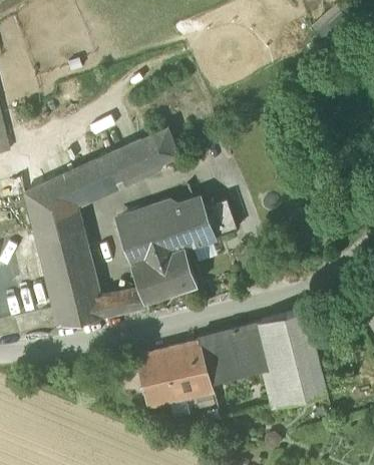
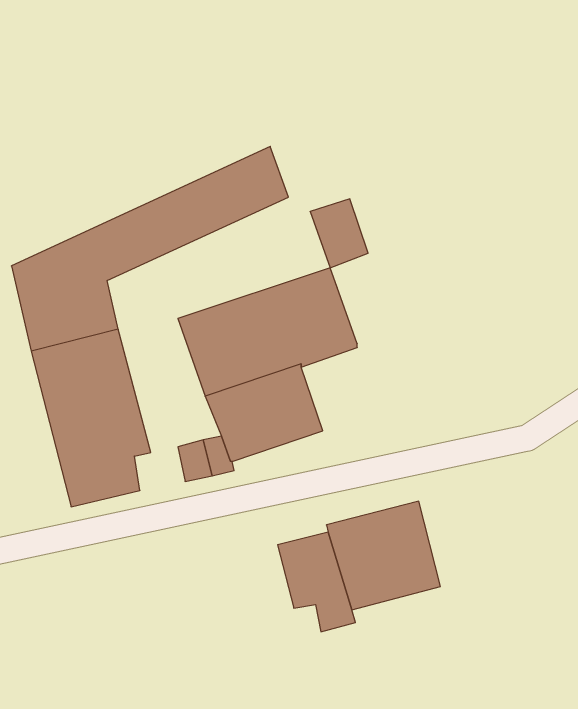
building: [205,199,237,238] -> [310,199,368,268]
building: [92,295,120,319] -> none
building: [250,310,328,408] -> none
building: [135,349,196,408] -> none

